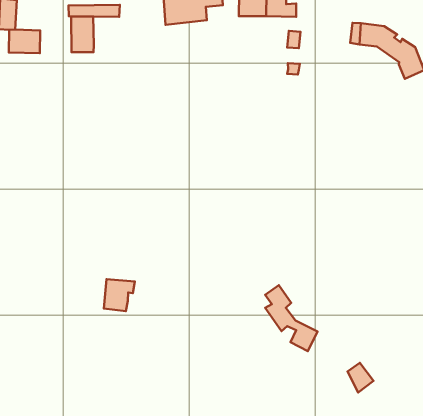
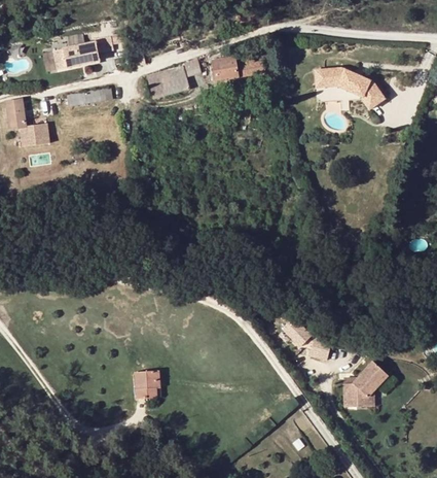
building: [71,17,94,52] -> none
building: [104,279,135,311] -> [135,371,159,399]
building: none -> [342,370,375,406]

